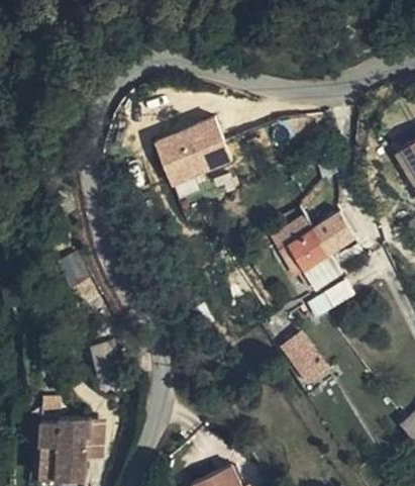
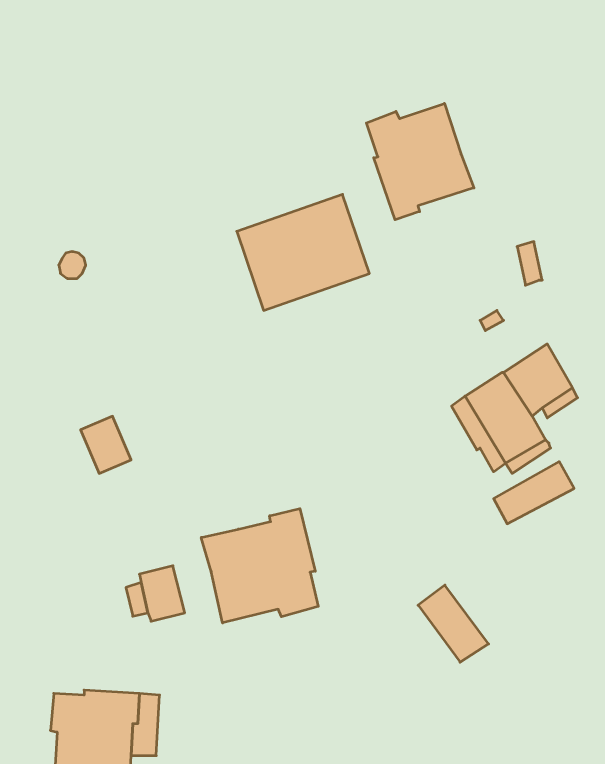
building: none -> [366,103,474,220]
building: none -> [201,509,318,623]
building: [282,330,324,377] -> [418,585,489,662]

